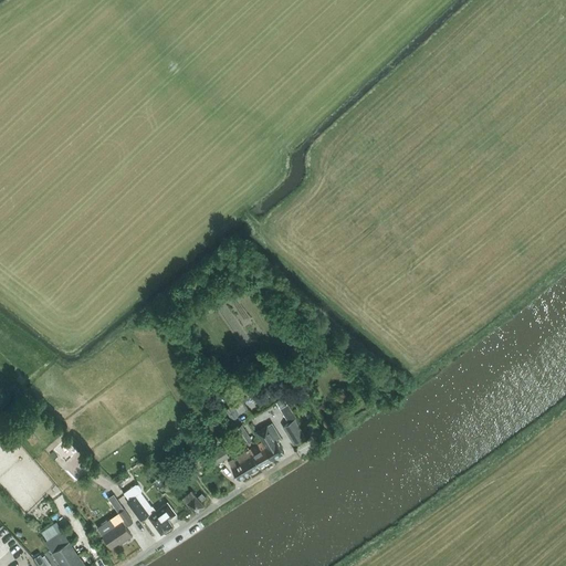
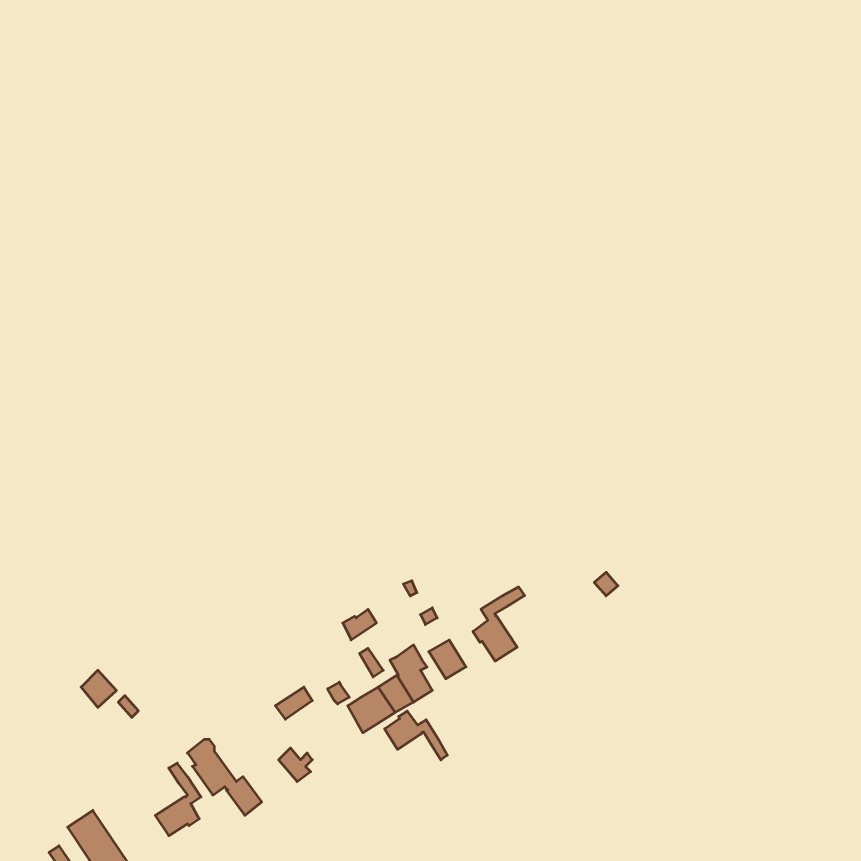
building: none -> [473,587,525,661]
building: none -> [385,711,447,760]

